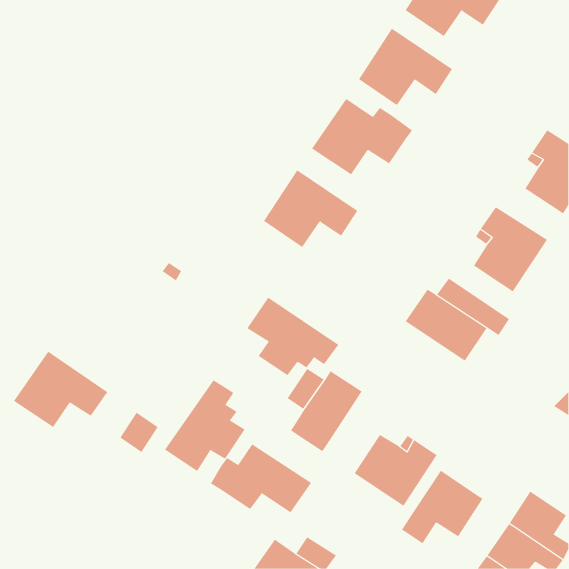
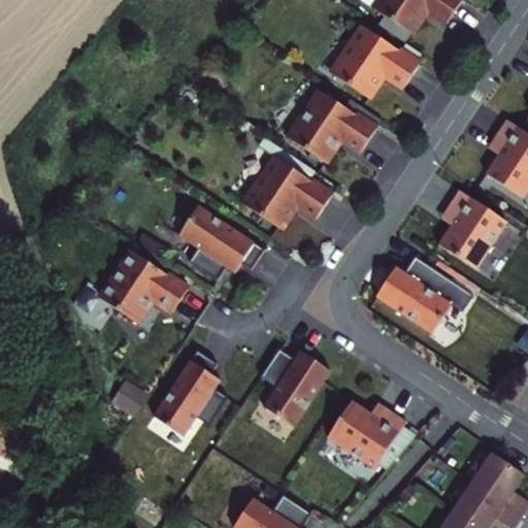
building: [247,297,339,376] -> [180,207,266,280]
building: [13,351,108,428] -> [99,251,187,322]
building: [210,444,312,513] -> none
building: [401,470,483,544] -> none

